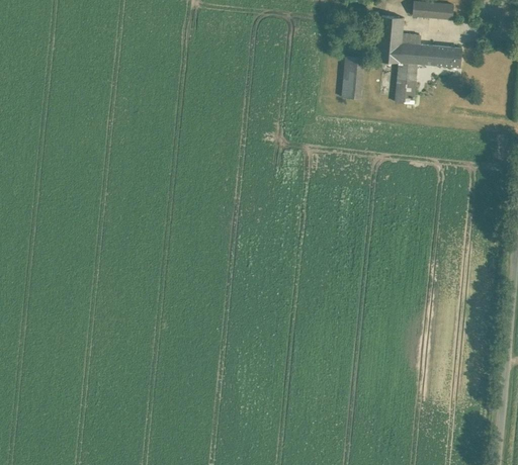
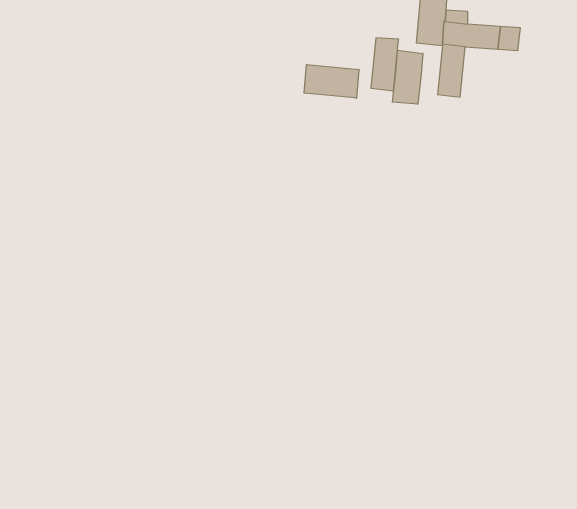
building: none -> [392,50,423,104]
building: none -> [304,64,359,98]

